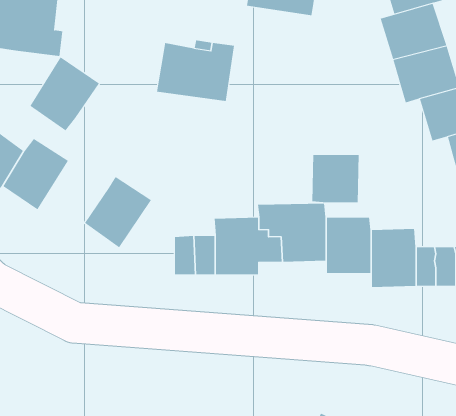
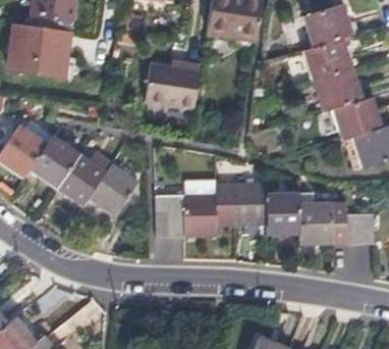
building: [29,57,100,131] -> [57,152,108,206]
building: [312,154,359,203] -> none

